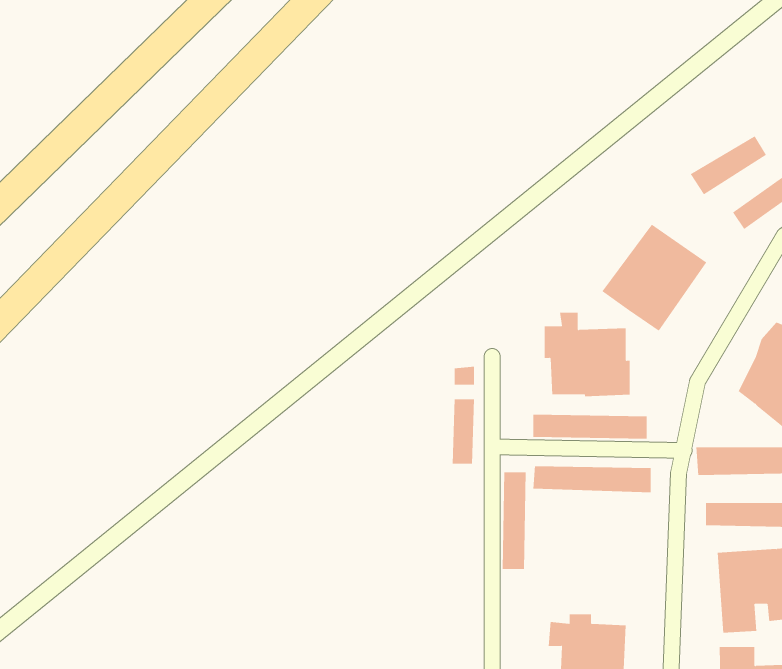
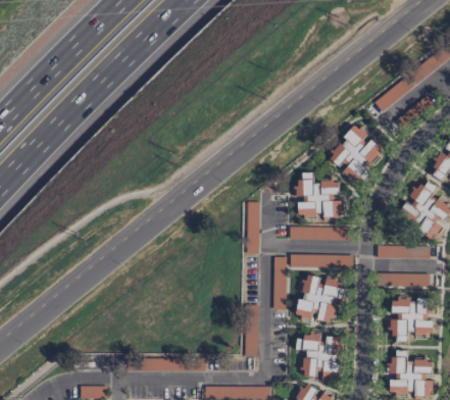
building: none -> [297,276,343,322]

